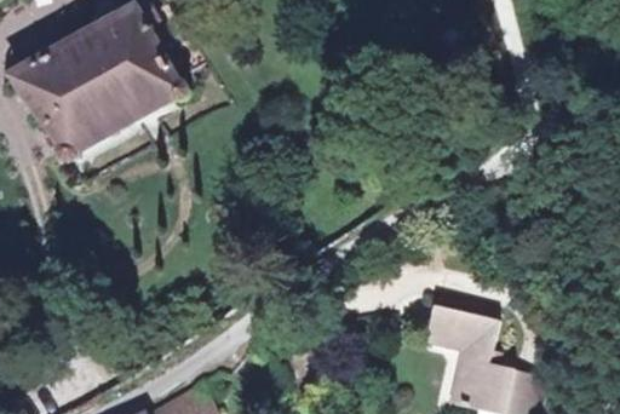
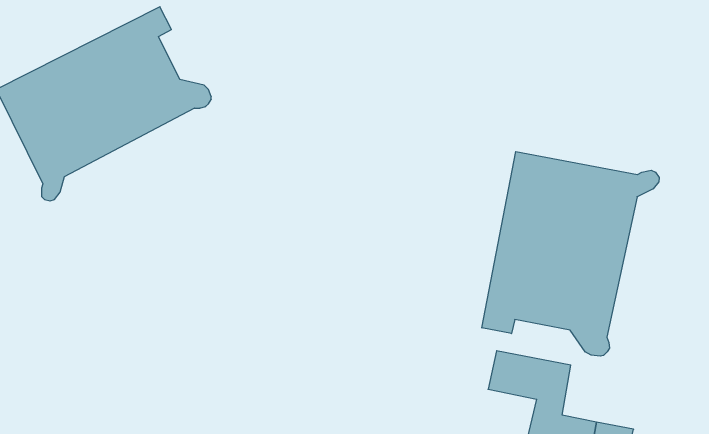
building: none -> [482,152,659,356]

